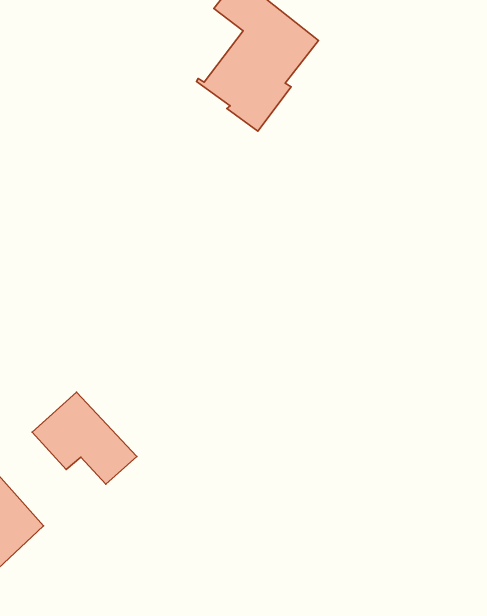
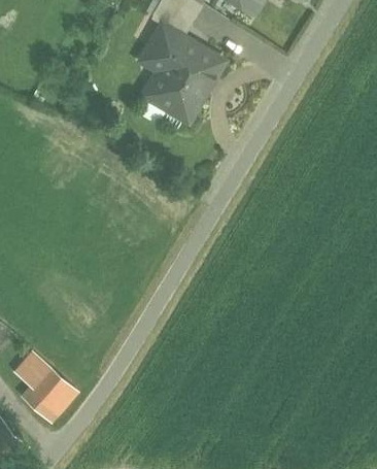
building: [32,392,137,484] -> none

